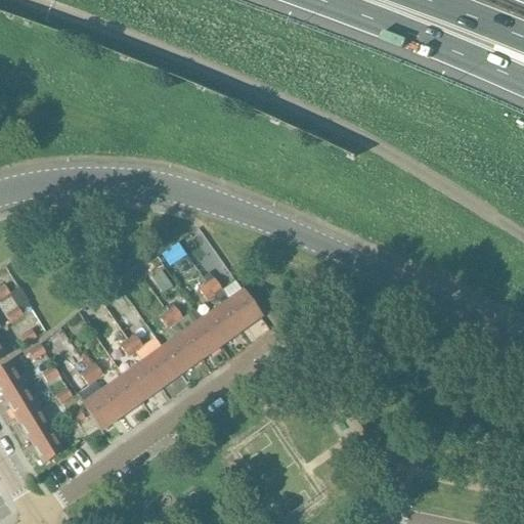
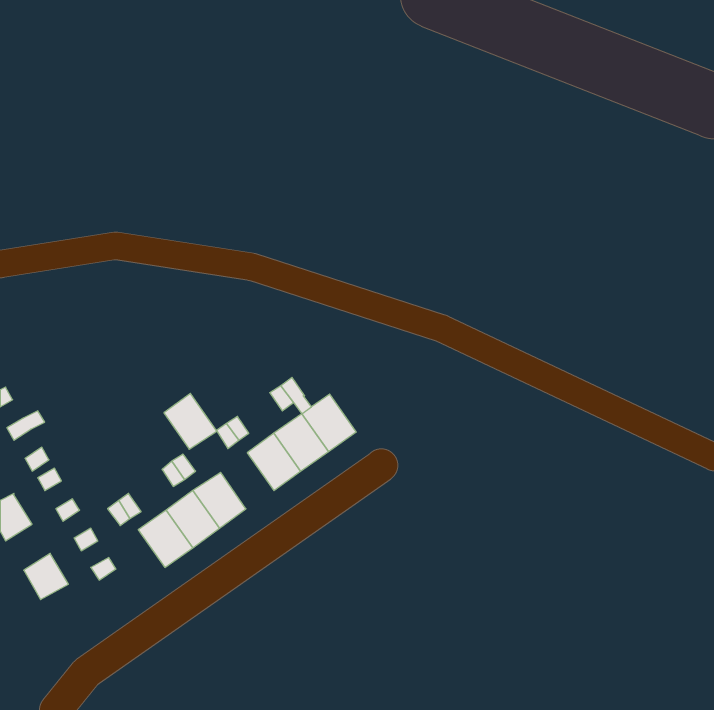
building: [162,332,201,373] -> [164,393,217,449]
building: [4,384,37,418] -> none
building: [81,388,121,430] -> none
building: [30,428,63,462] -> none

